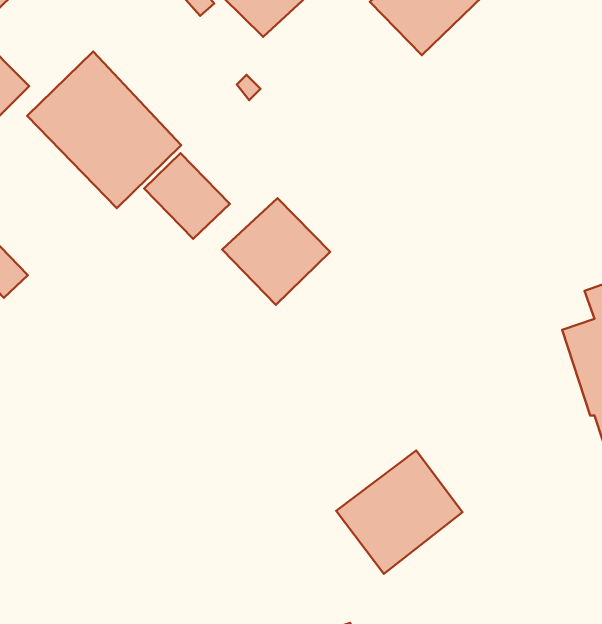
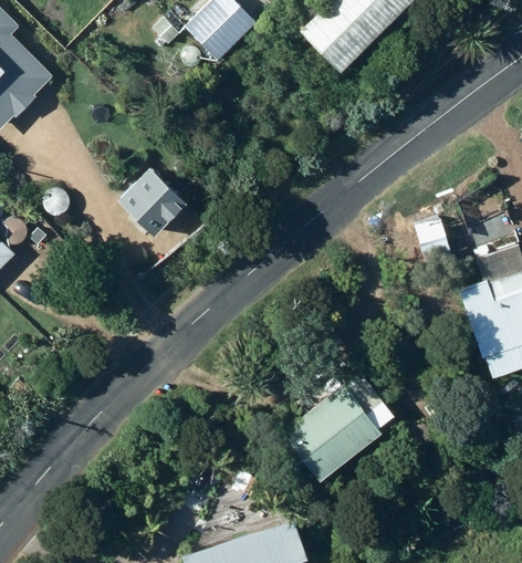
building: [27,52,181,208] -> none
building: [222,198,330,305] -> none

